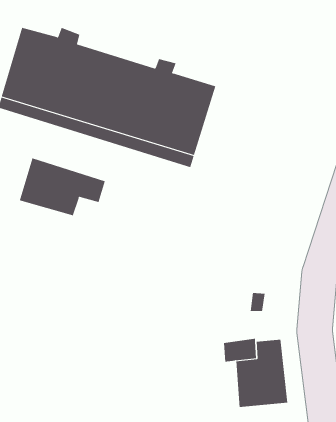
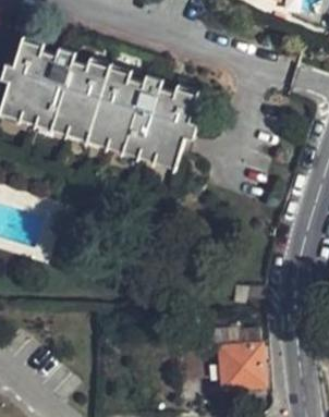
building: [19,158,106,216] -> none

